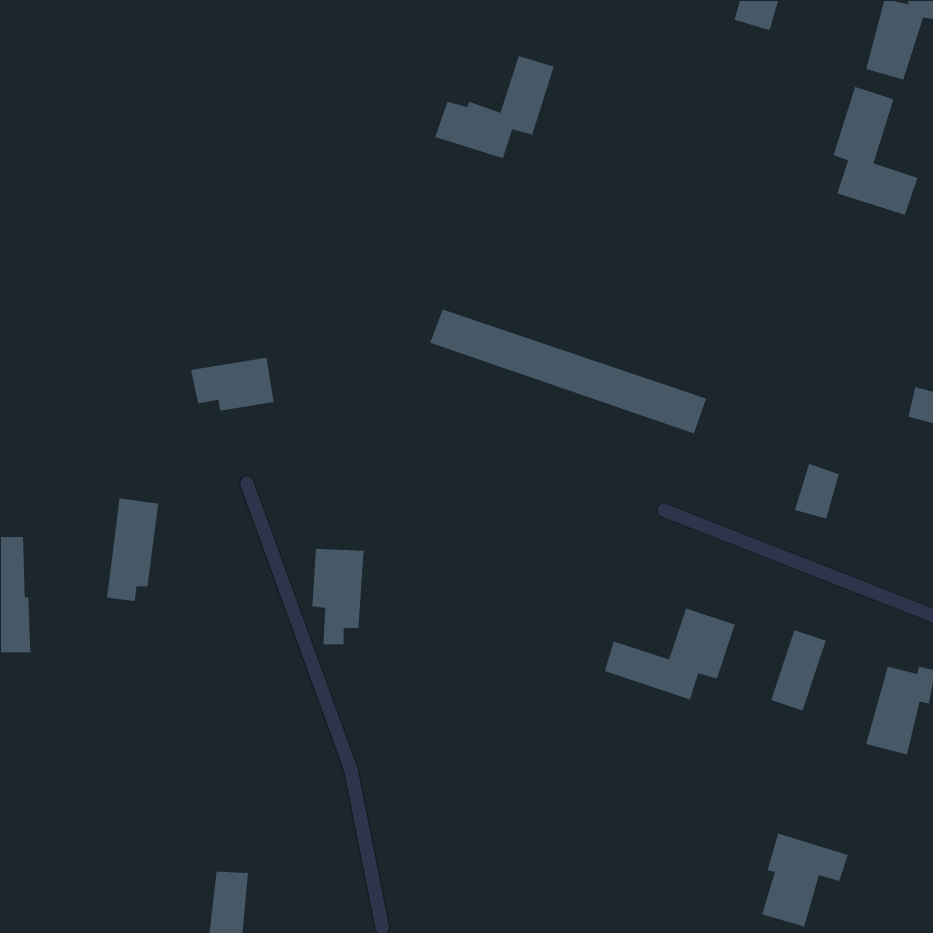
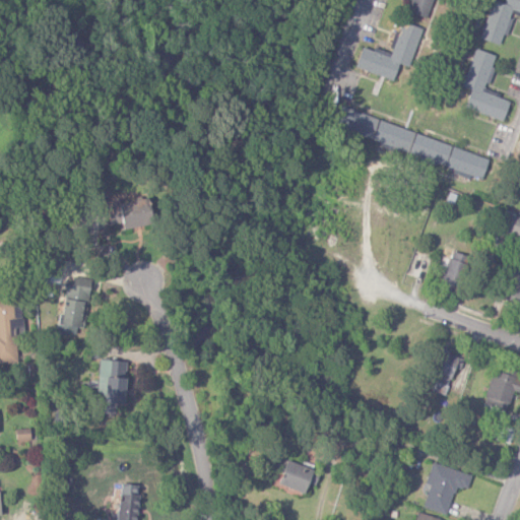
building: [434,55,555,159] -> [355,22,422,80]
building: [429,308,707,435] -> [335,109,490,179]
building: [312,548,365,645] -> [98,361,127,414]
building: [604,608,736,701] -> none
building: none -> [278,460,319,495]

